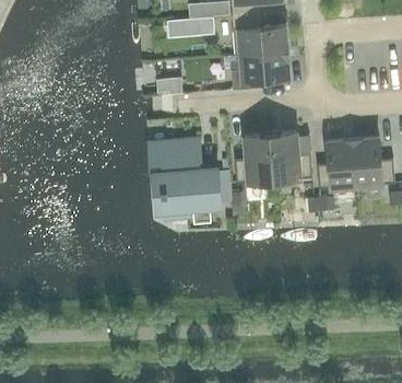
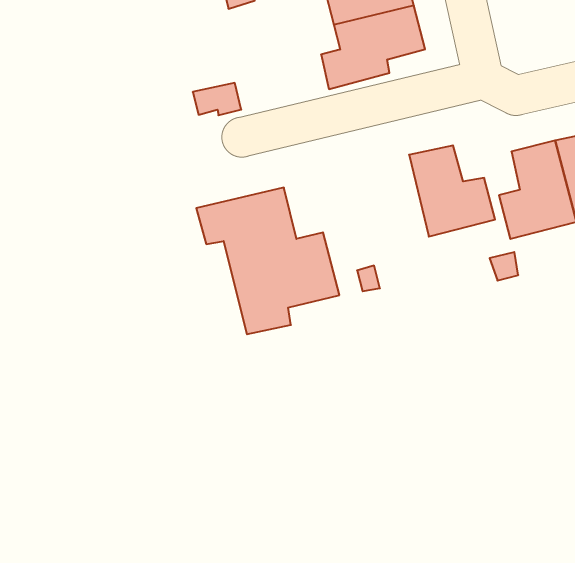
building: [234,135,273,185] -> none

